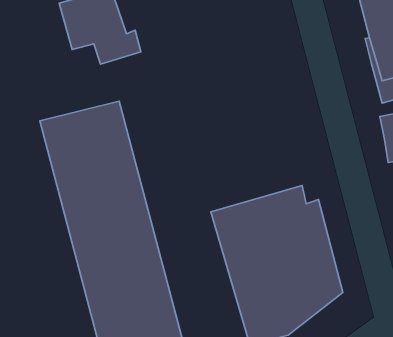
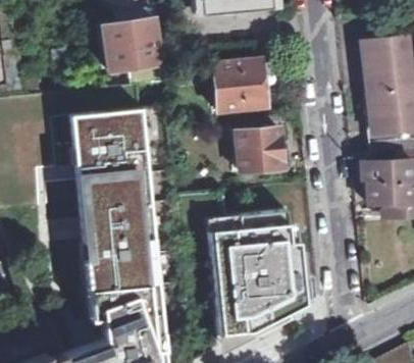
building: none -> [212,56,268,108]
building: none -> [232,125,289,169]

